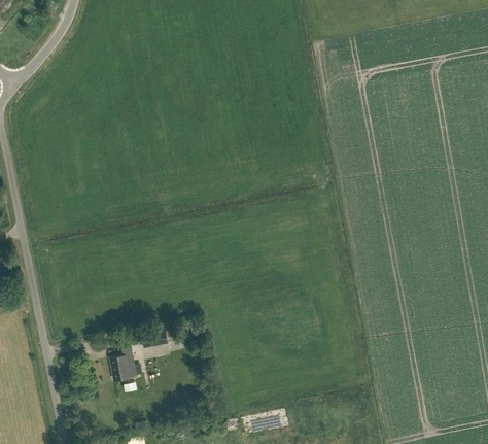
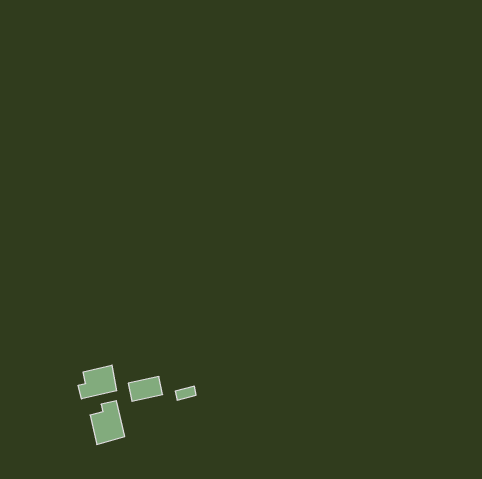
building: none -> [78,365,117,399]

